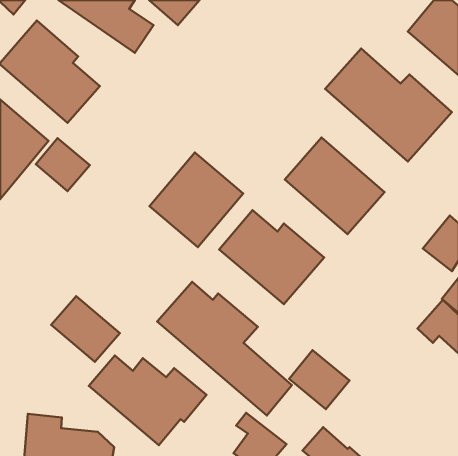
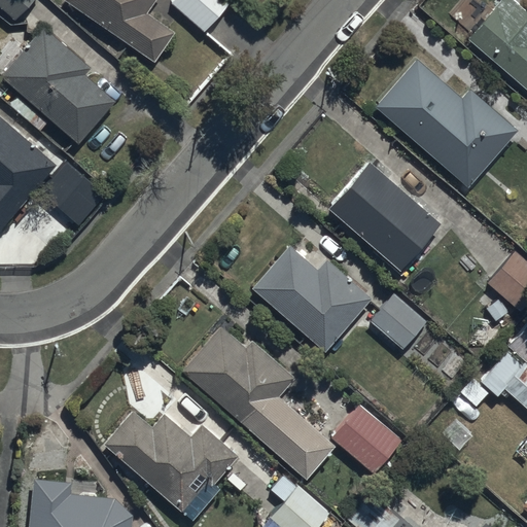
building: [150,153,243,247] -> none
building: none -> [364,292,427,350]
building: [51,296,120,362] -> none

